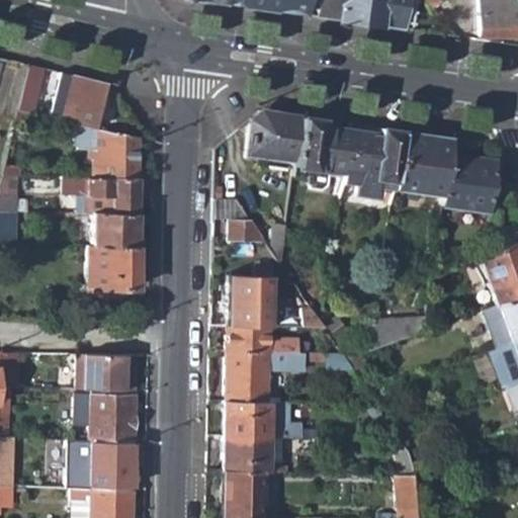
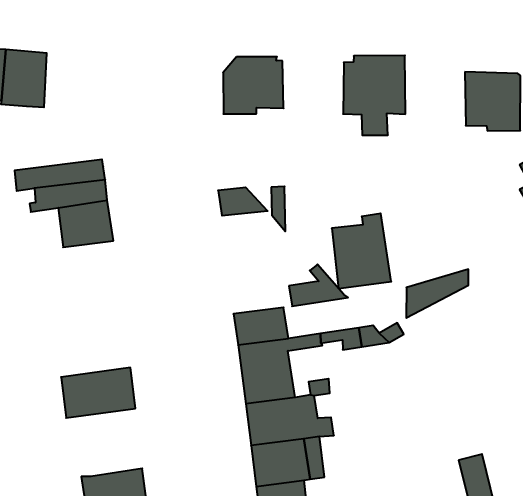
building: [296,116,352,172] -> none
building: [68,125,141,179] -> none
building: [396,132,453,199] -> none
building: [90,247,139,295] -> none
building: [229,267,273,325] -> [332,213,391,288]
building: [75,393,135,440] -> none

